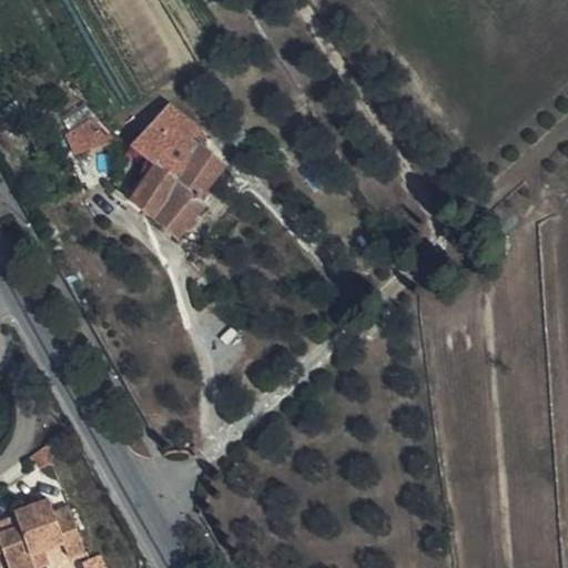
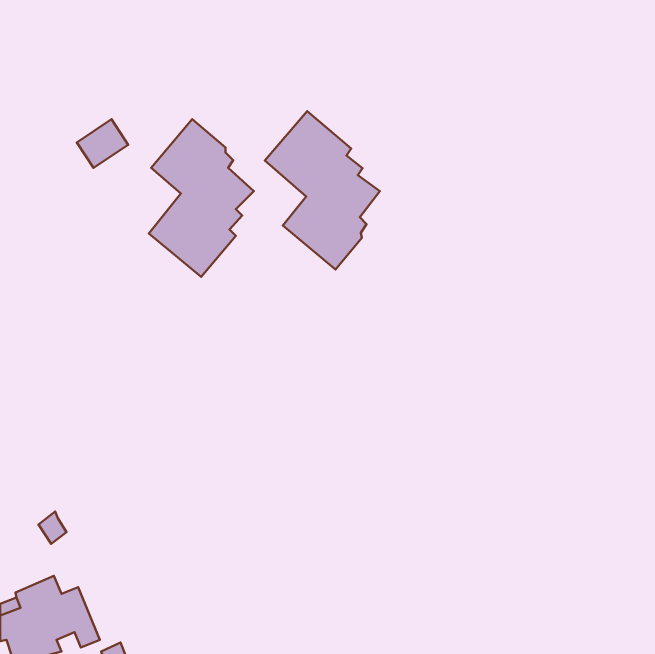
building: none -> [265,111,380,270]

